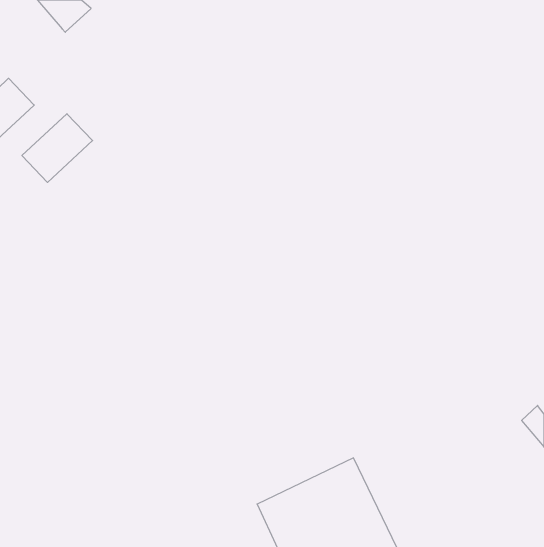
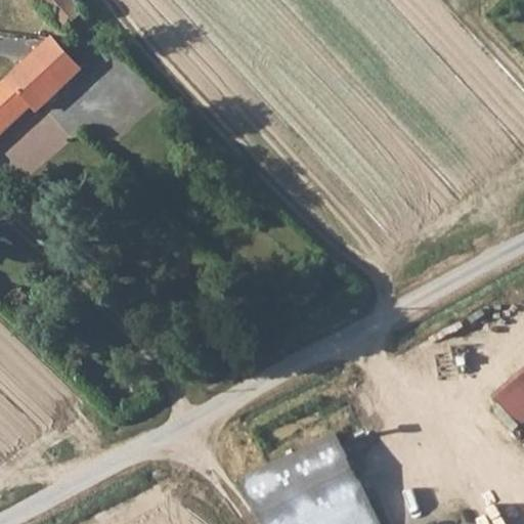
building: [22,114,93,182] -> [8,36,76,101]

